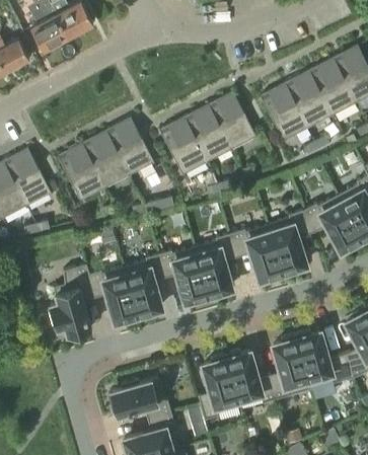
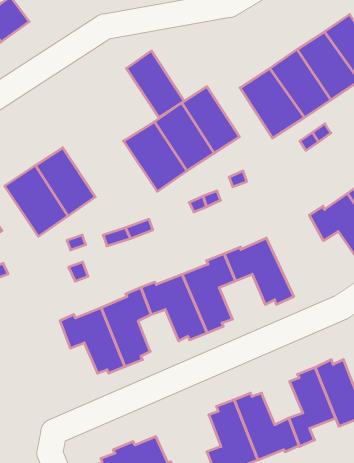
building: [107,119,152,174] -> [126,51,184,118]
building: [268,209,314,275] -> none
building: [48,263,95,336] -> none

